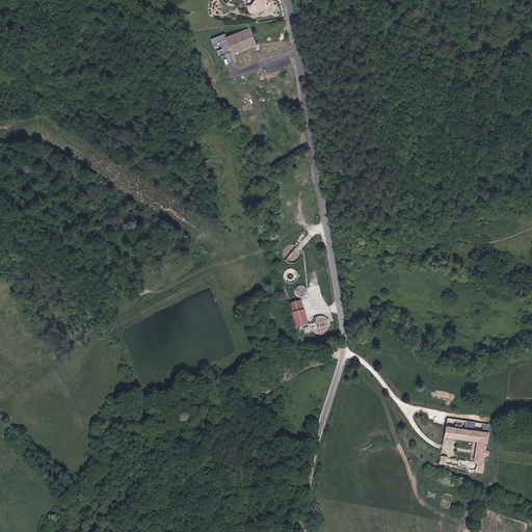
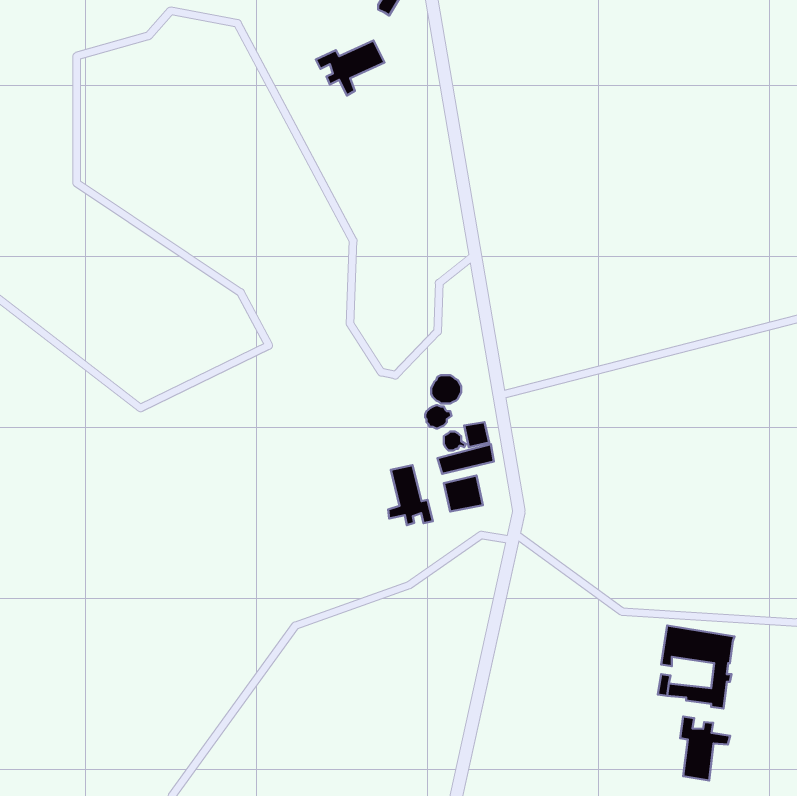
building: none -> [388,465,433,525]
building: none -> [680,716,730,780]

